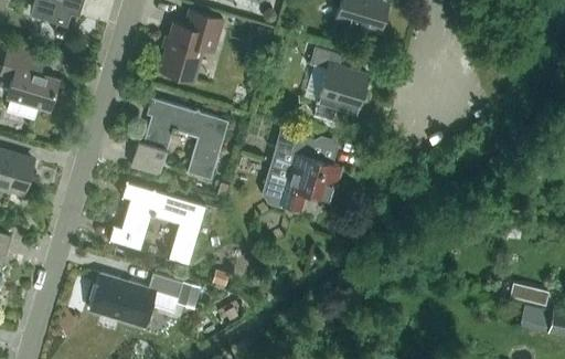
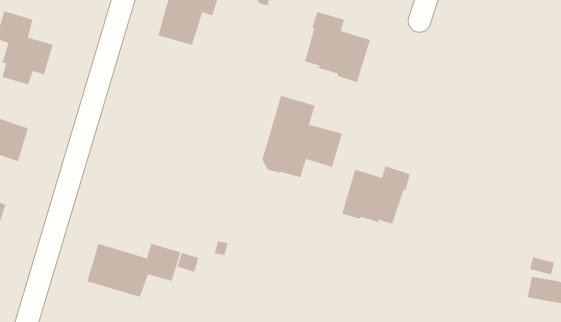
building: [131,98,228,180] -> none
building: [109,186,206,265] -> none
building: none -> [341,165,410,225]

